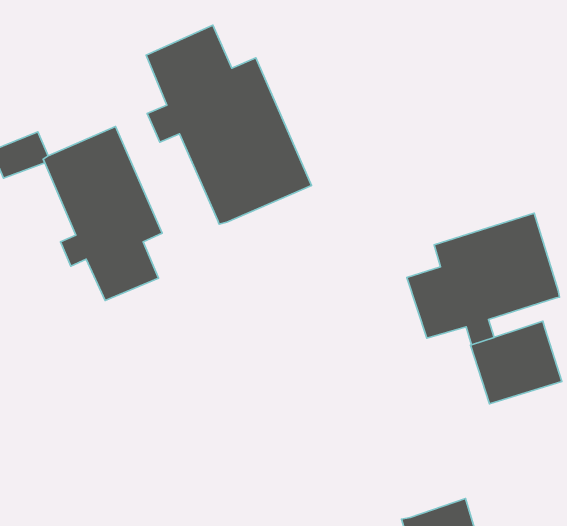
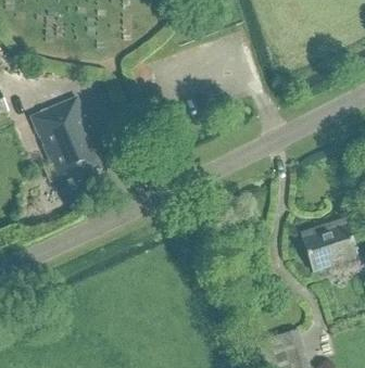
building: [146,25,311,224] -> none
building: [407,213,559,345] -> none

